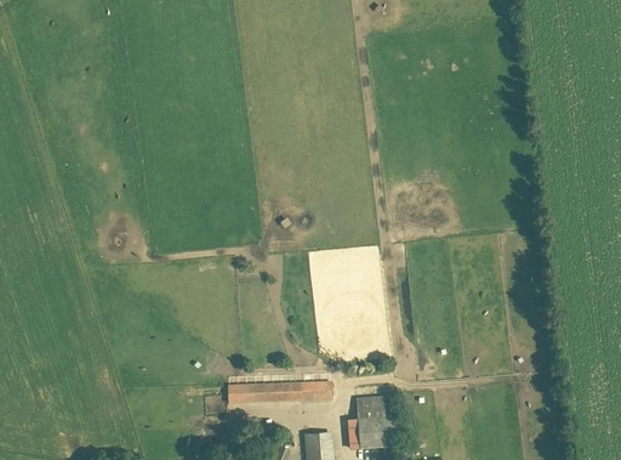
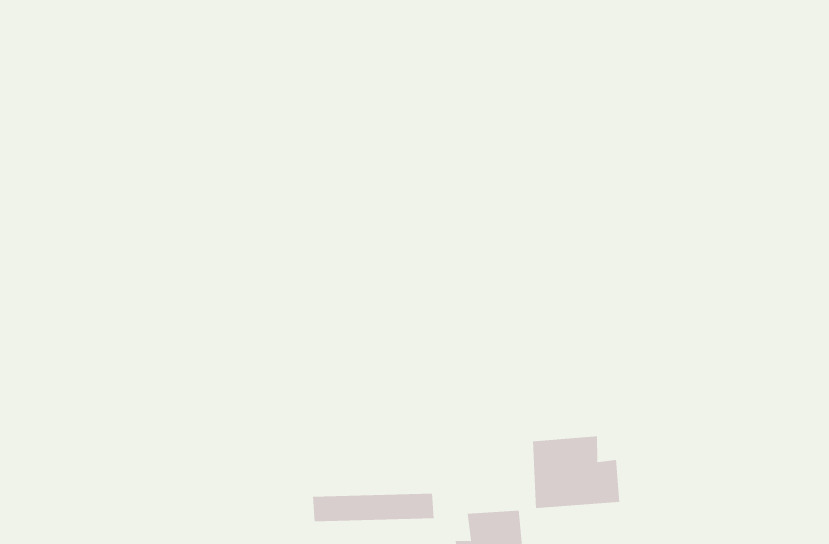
building: none -> [532,436,620,509]

